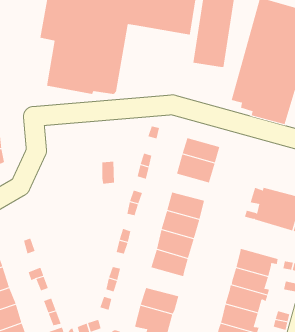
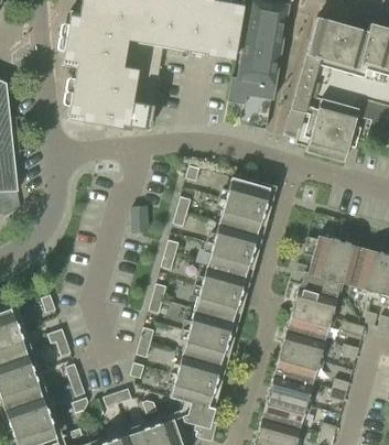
building: none -> [213,220,257,251]
building: none -> [292,283,339,318]
building: none -> [183,328,227,361]

